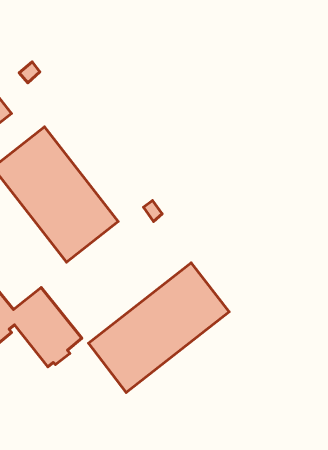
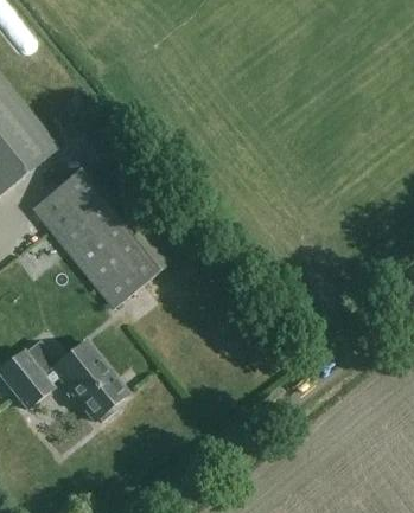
building: [88,263,229,392] -> none

